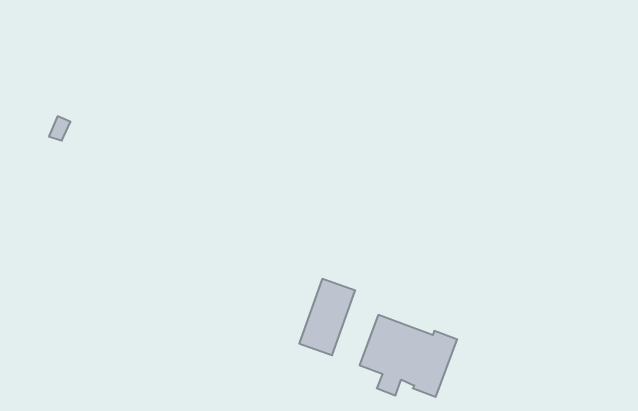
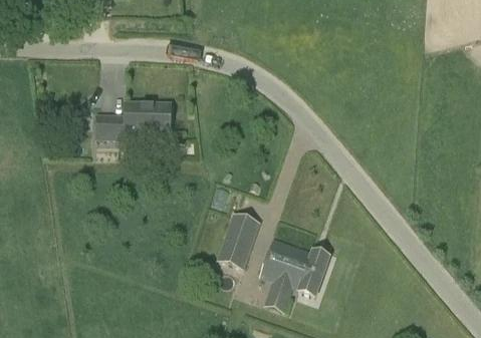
building: none -> [97,101,172,136]

